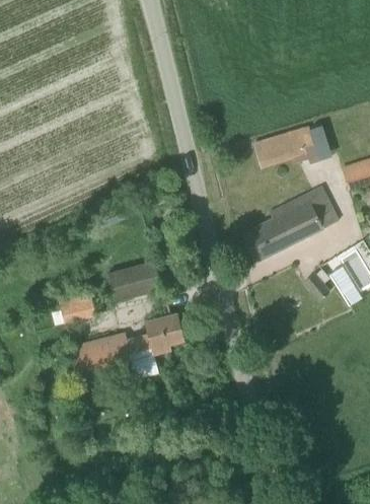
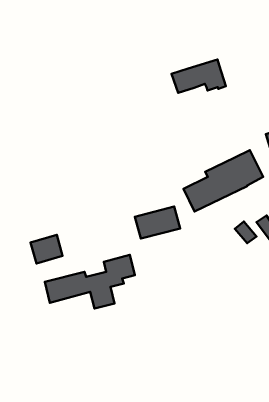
building: [254,127,320,167] -> [171,59,226,93]
building: [108,261,163,299] -> [135,207,180,239]

